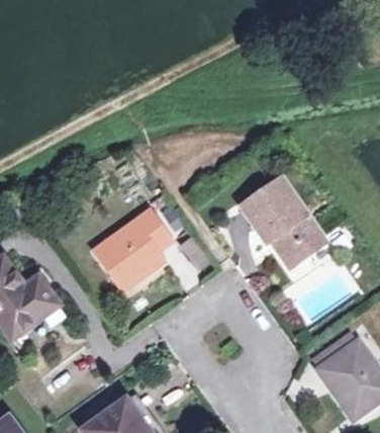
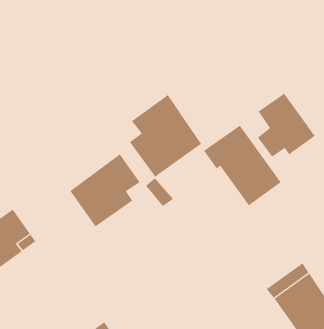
building: none -> [257,93,316,158]
building: none -> [129,94,202,177]

